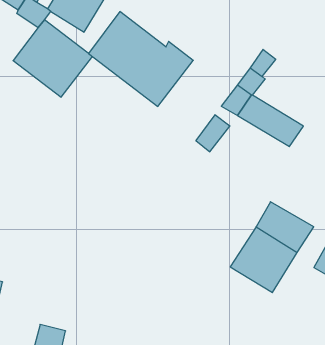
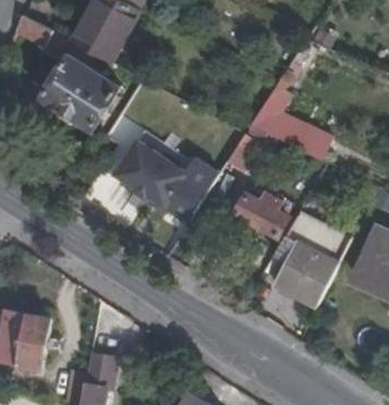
building: [88,12,193,106] -> [117,131,220,221]
building: none -> [236,194,288,237]

